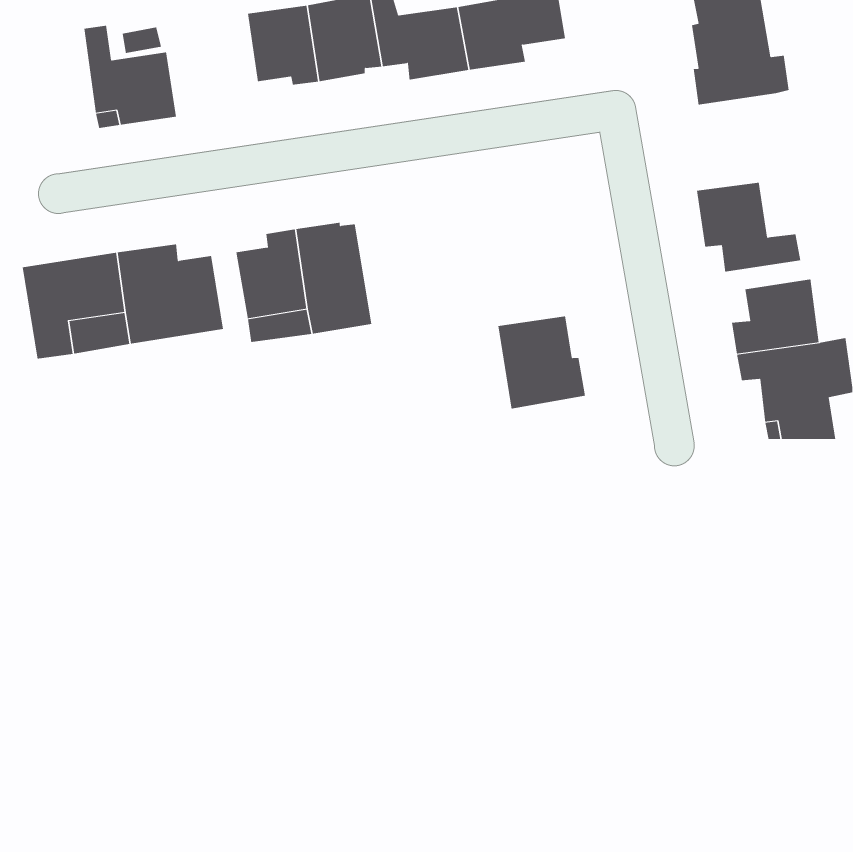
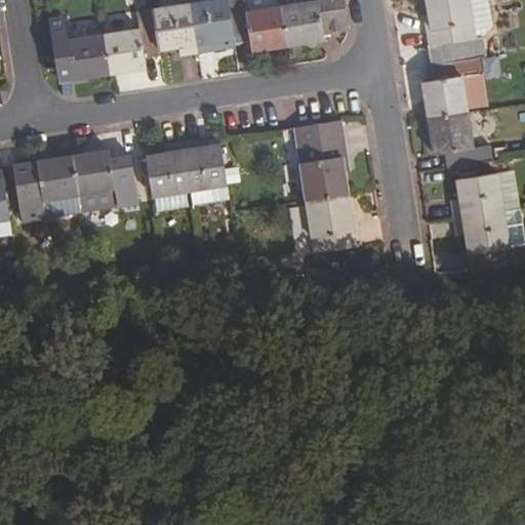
building: none -> [103,8,159,72]
building: none -> [422,57,478,117]
building: none -> [294,121,348,200]

